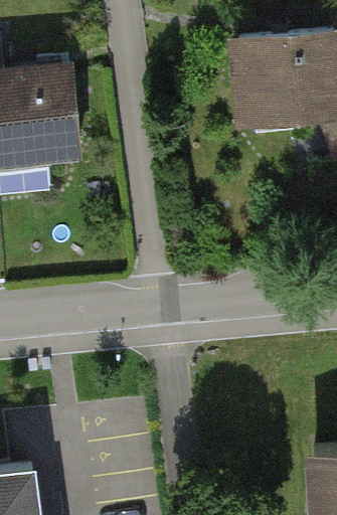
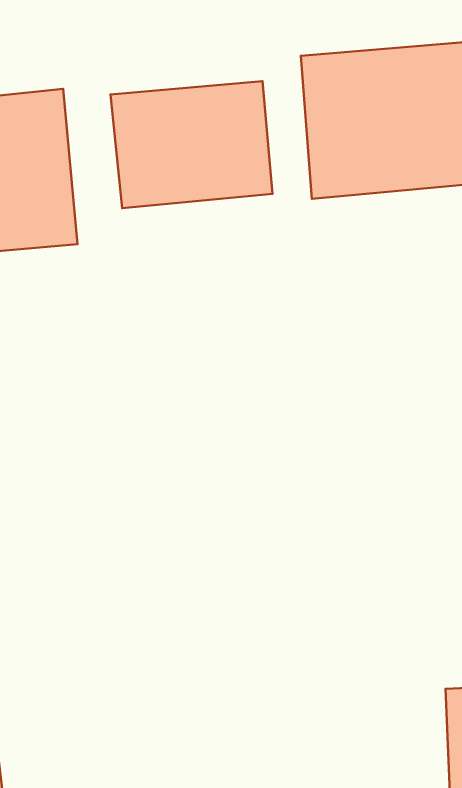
building: none -> [111,81,272,208]

